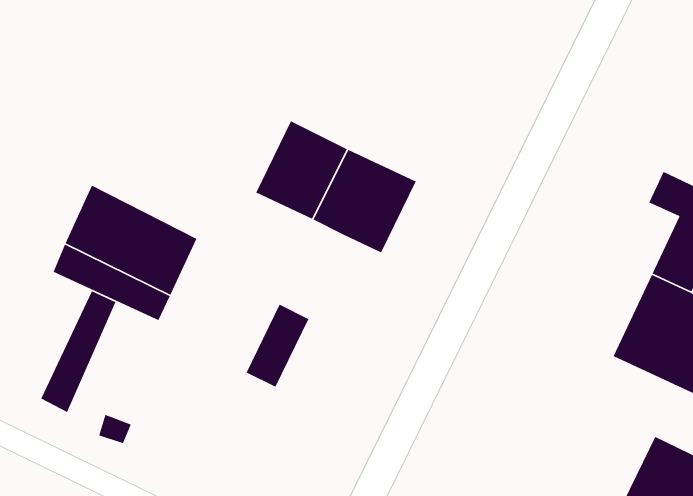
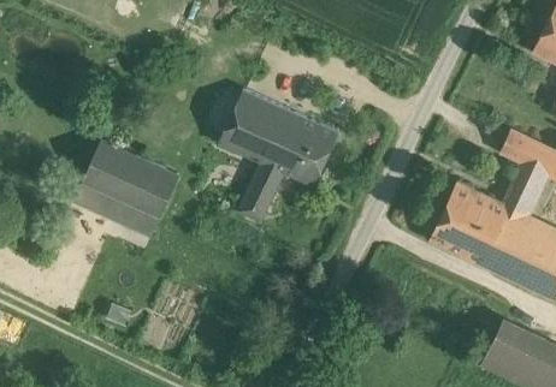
building: none -> [430,181,502,261]
building: [40,290,117,413] -> none
building: [246,304,310,388] -> [236,163,282,224]

